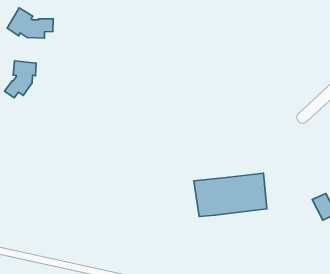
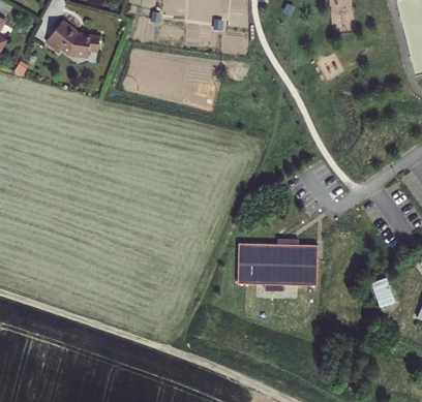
building: [4,61,36,98] -> none

